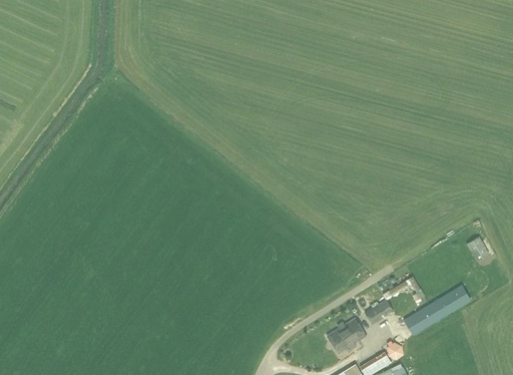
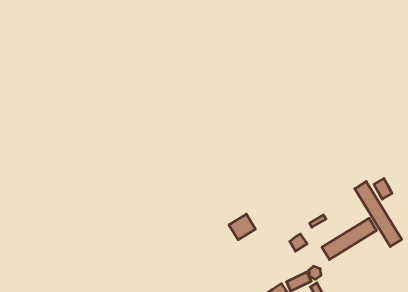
building: none -> [355,181,402,247]
building: [328,323,360,354] -> [229,214,255,240]

